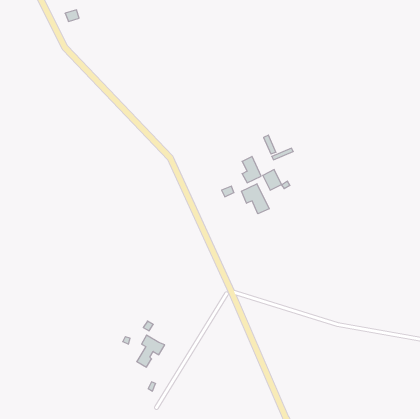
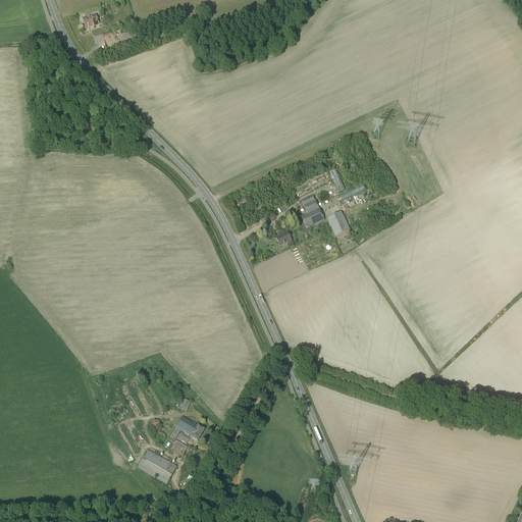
building: [242,184,269,214] -> none
building: none -> [137,449,176,483]

